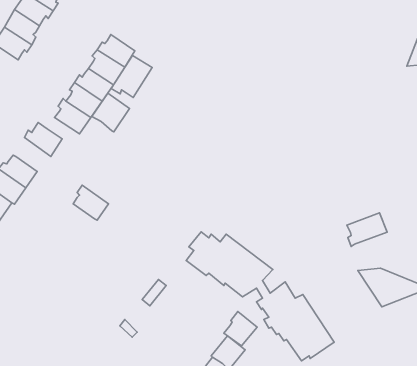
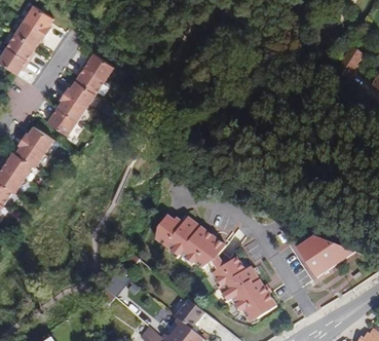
building: [111,56,152,98] -> none
building: [92,93,130,132] -> none
building: [73,185,108,220] -> [15,138,44,166]
building: [347,213,387,246] -> none
building: [224,311,257,346] -> none

